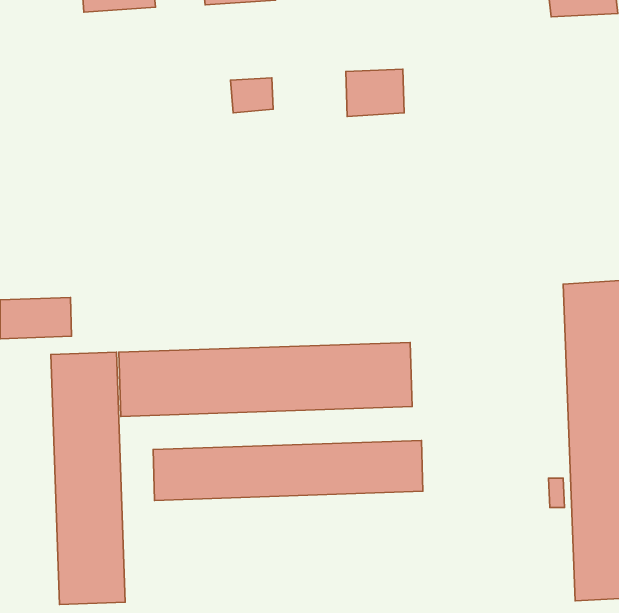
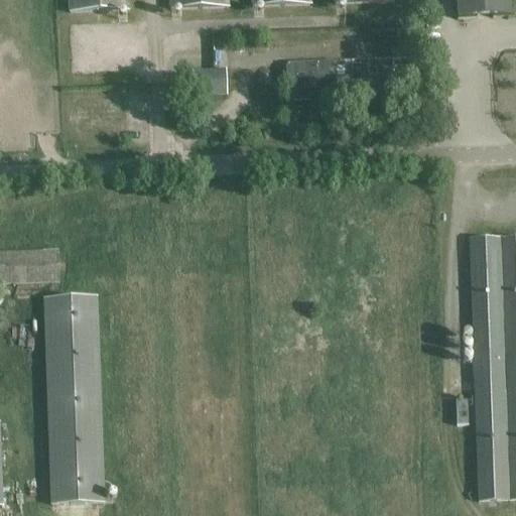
building: [119,342,412,416] -> none
building: [153,440,423,500] -> none

